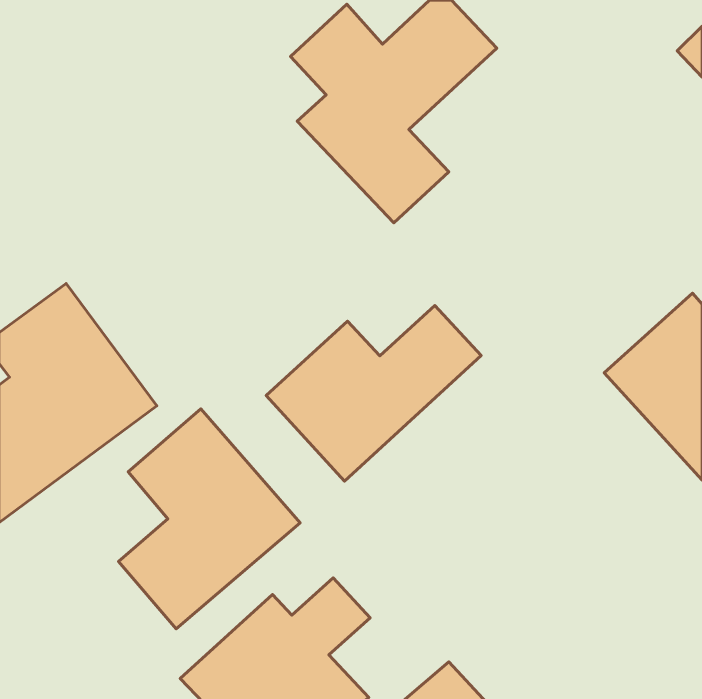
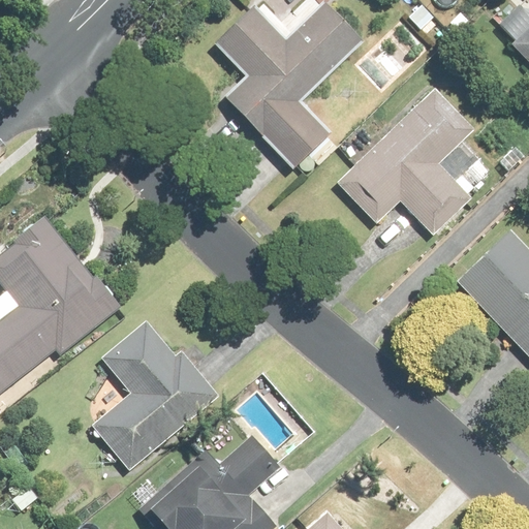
building: none -> [333,85,480,234]
building: [266,305,481,481] -> none

